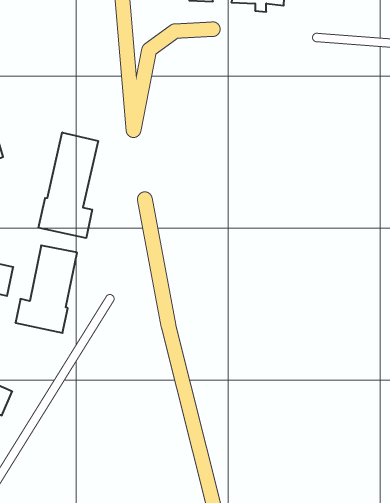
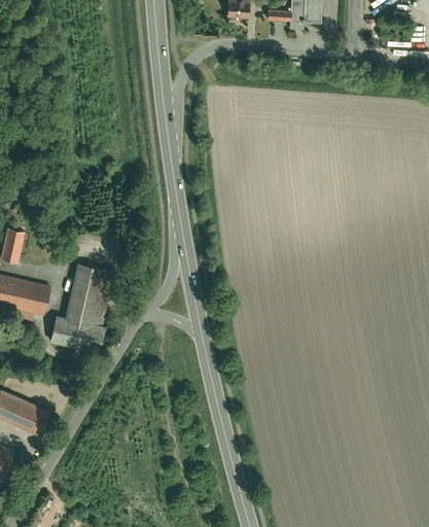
building: [38,132,98,238] -> none

